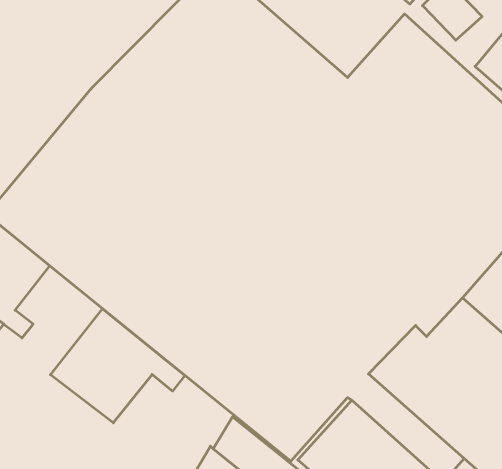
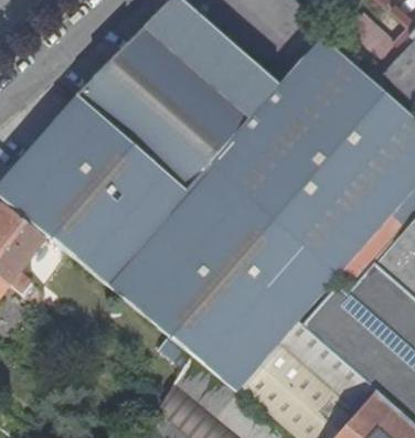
building: [50,309,185,423] -> none

